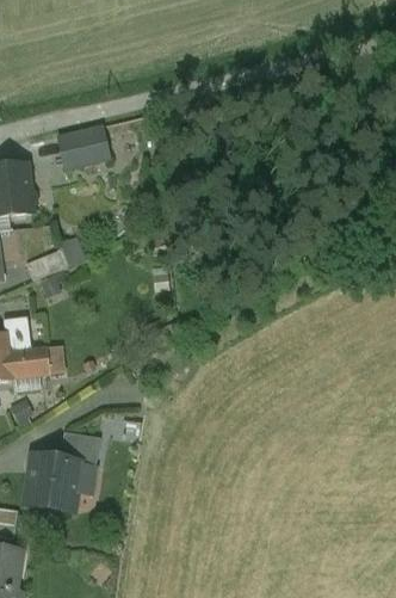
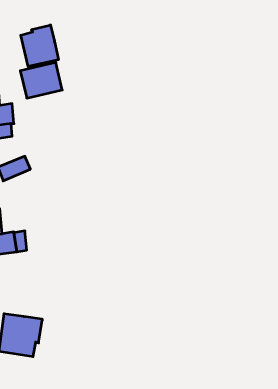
building: none -> [21,25,58,67]
building: [60,431,101,466] -> none

